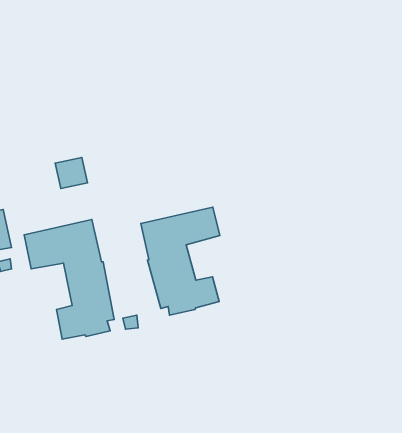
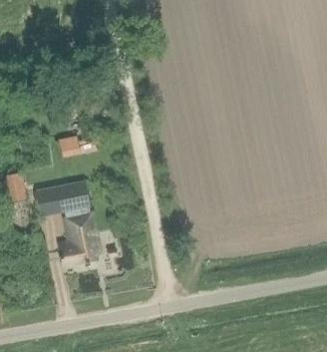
building: [141,207,220,315] -> none

